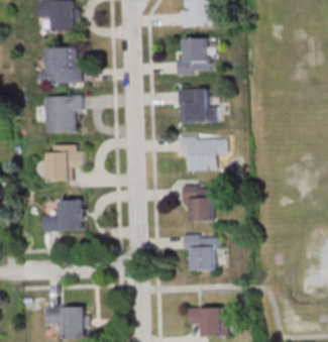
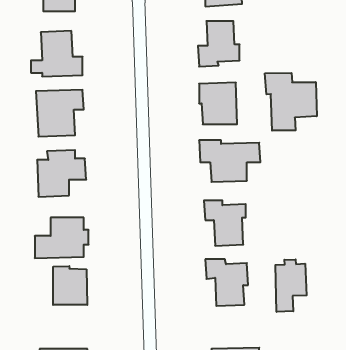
building: none -> [265,73,317,131]
building: none -> [275,259,307,312]
building: none -> [53,266,87,305]

